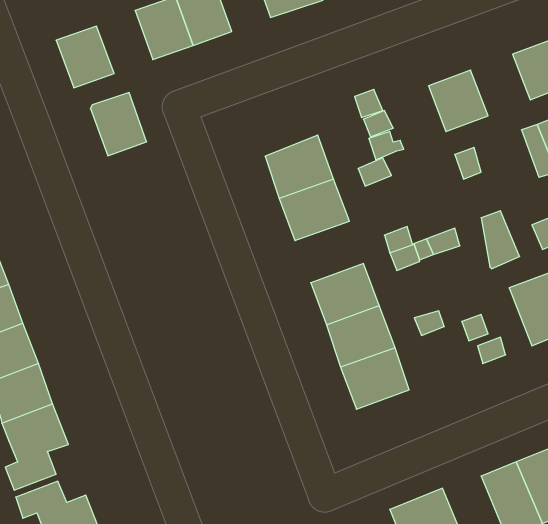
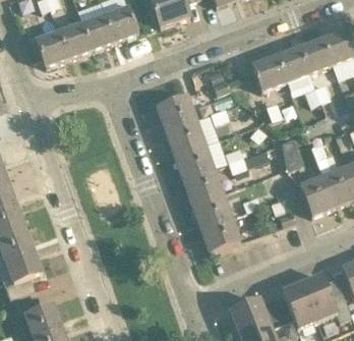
building: none -> [276,47,310,82]
building: [90,93,147,156] -> [59,21,92,58]
building: none -> [174,144,214,179]

